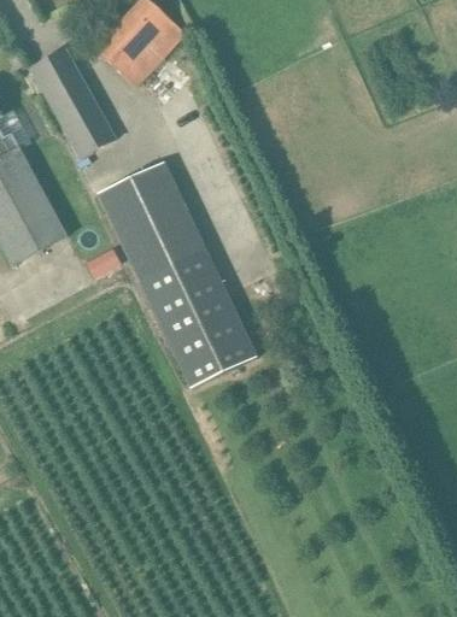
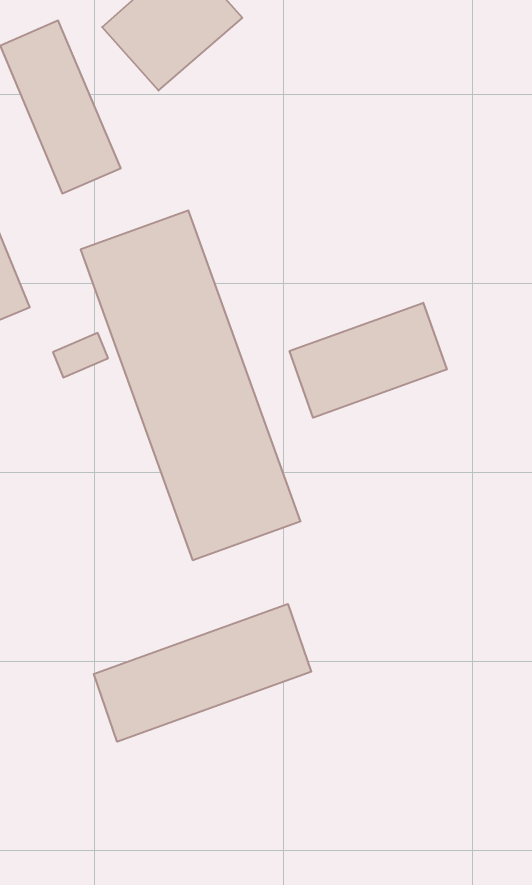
building: none -> [290,303,447,418]
building: none -> [94,604,311,742]

